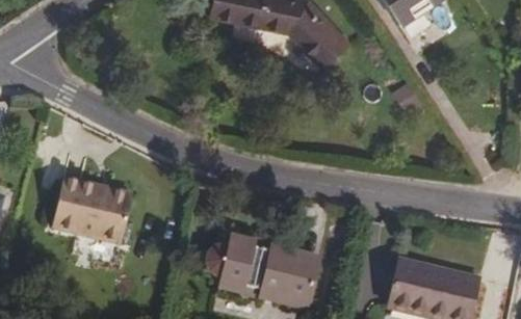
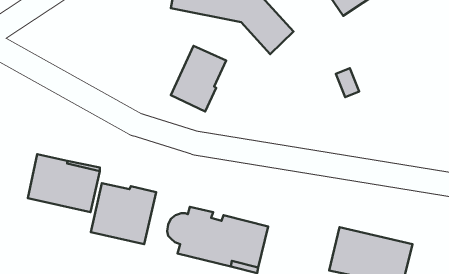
building: none -> [171,46,226,111]
building: none -> [91,183,156,244]

